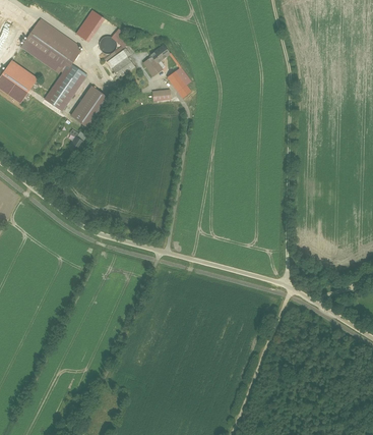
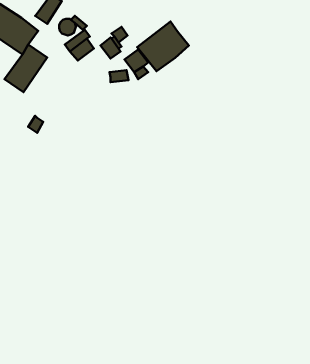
building: none -> [137,21,189,71]
building: [69,85,110,129] -> none

